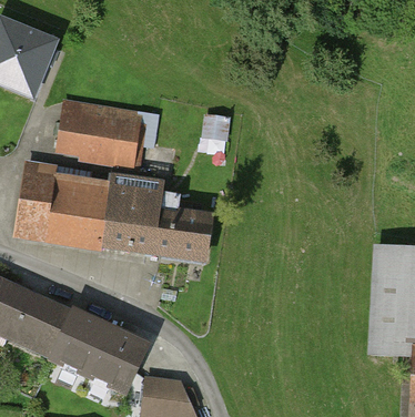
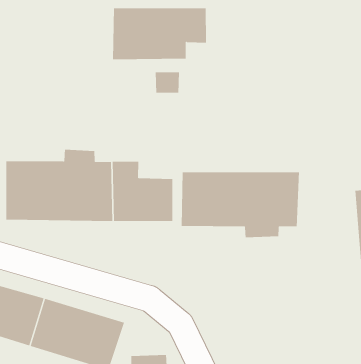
building: [61,101,156,159] -> [112,8,207,60]
building: none -> [181,171,300,238]

